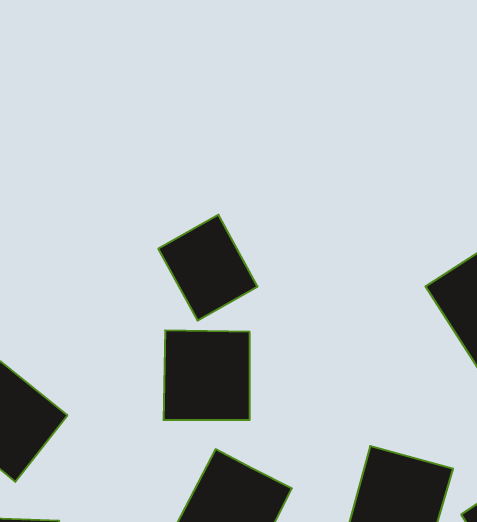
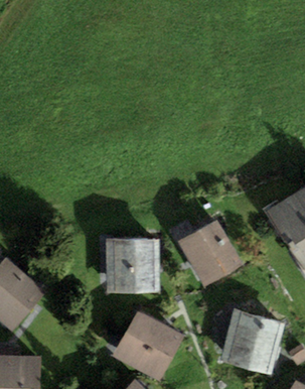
building: [158,215,258,321] -> [179,221,241,286]

